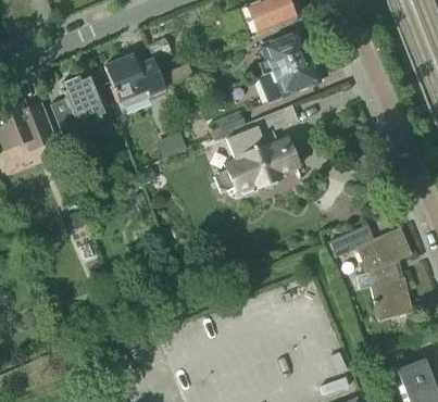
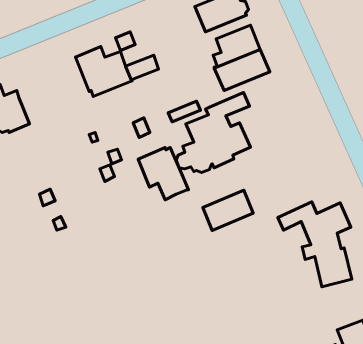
building: [50,74,105,135] -> none
building: none -> [138,148,188,200]
building: none -> [203,190,253,231]

